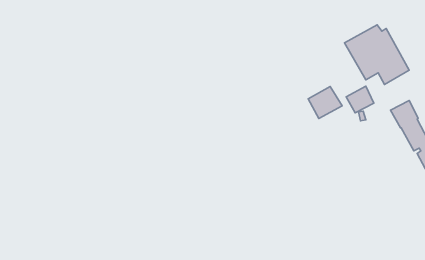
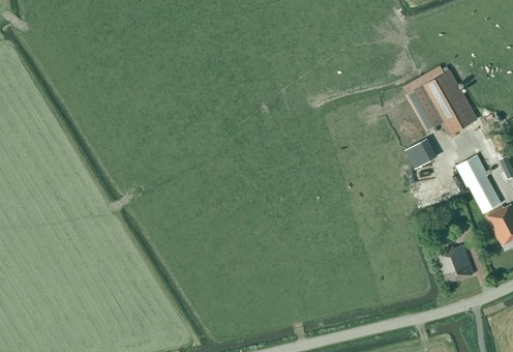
building: [308,86,342,119] -> none
building: none -> [435,245,474,285]

